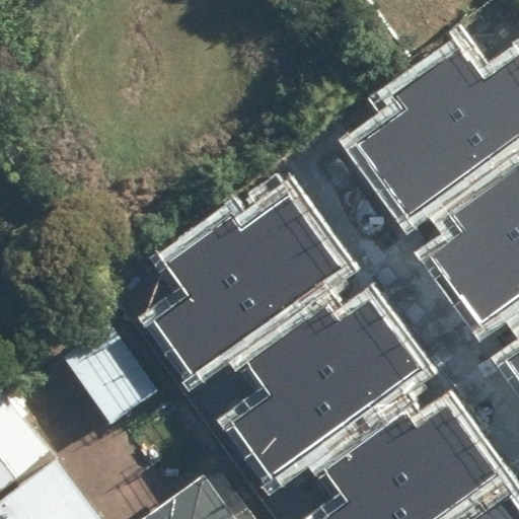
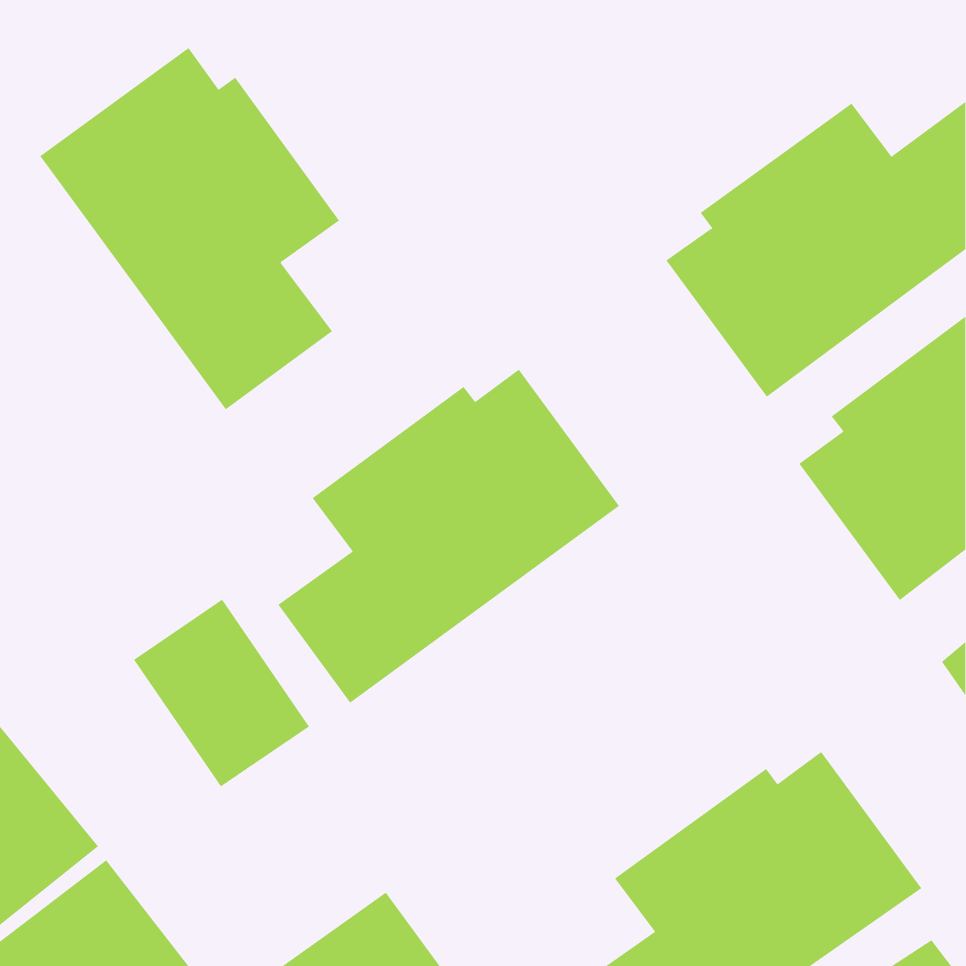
building: none -> [40,47,340,410]
building: [230,299,414,477] -> none

